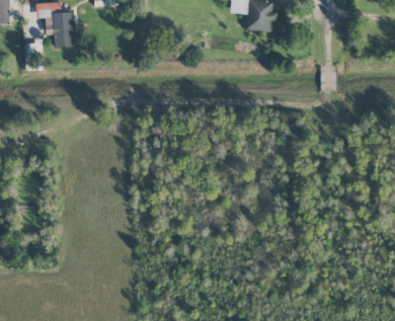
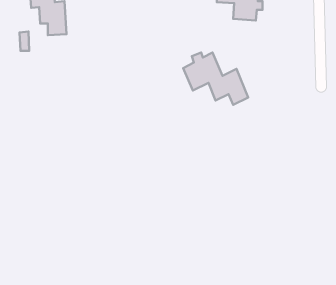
building: none -> [183,52,248,105]

